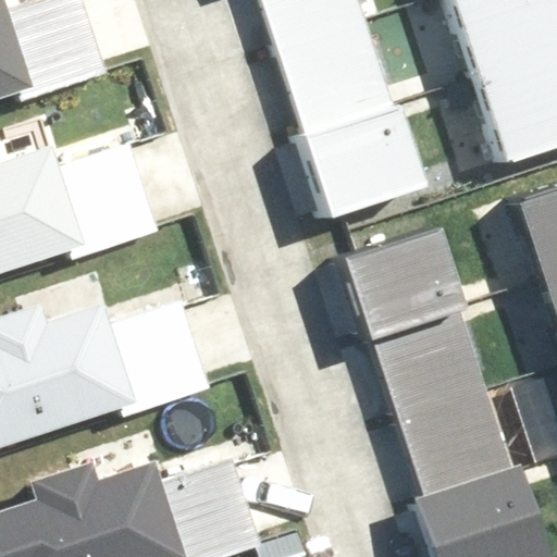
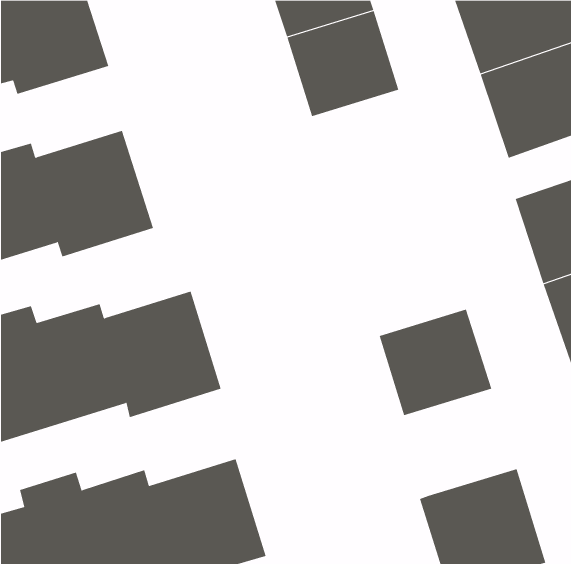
building: [295,97,419,218] -> none
building: [332,231,455,339] -> none
building: [394,386,504,490] -> none

